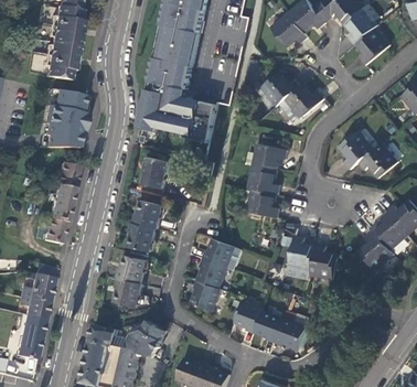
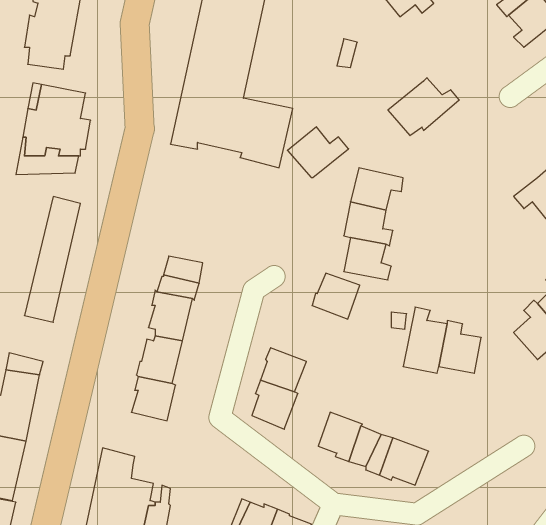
building: [263,73,302,106] -> [287,127,349,178]
building: [342,131,376,169] -> none
building: [141,158,168,189] -> none
building: [203,239,234,269] -> [312,273,360,319]
building: [113,321,165,358] -> none

